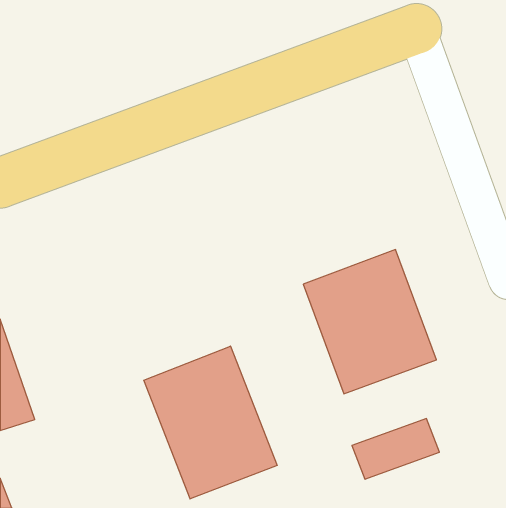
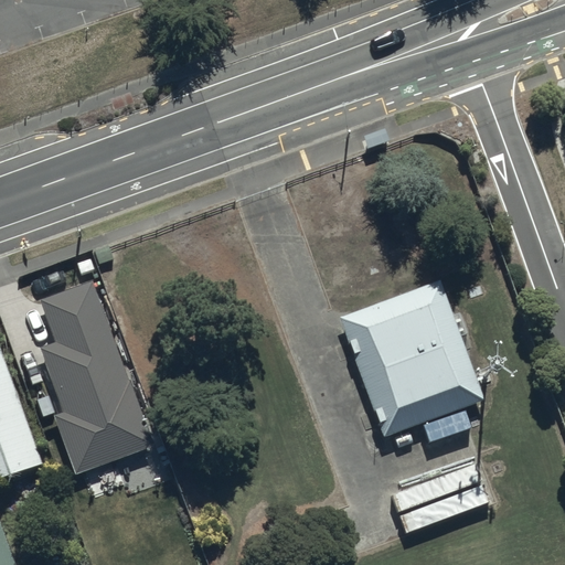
building: none -> [39,282,153,475]
building: [144,346,277,499] -> none

